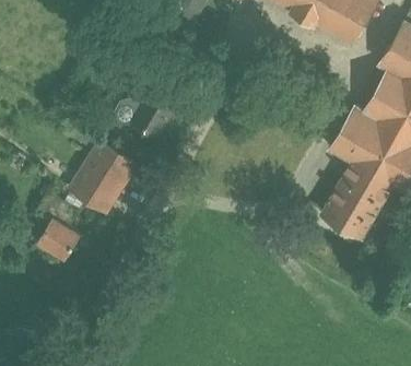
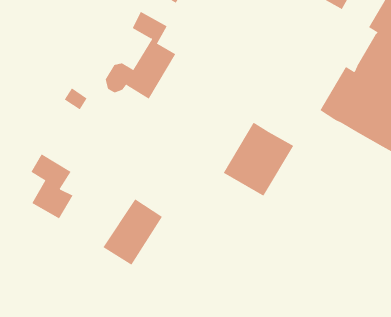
building: [71,143,132,211] -> [103,199,163,265]
building: [320,162,392,237] -> [223,122,294,196]

